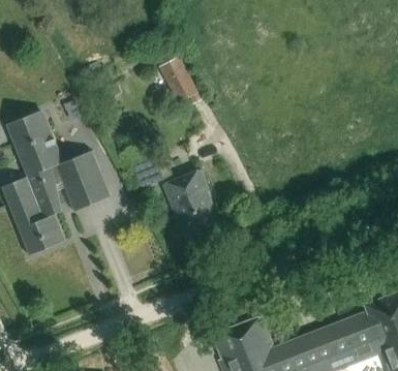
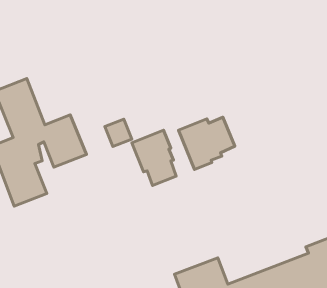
building: [161,58,205,106] -> none
building: none -> [179,117,235,169]

